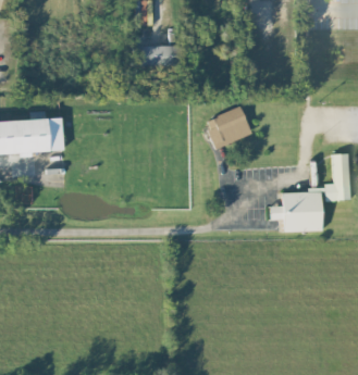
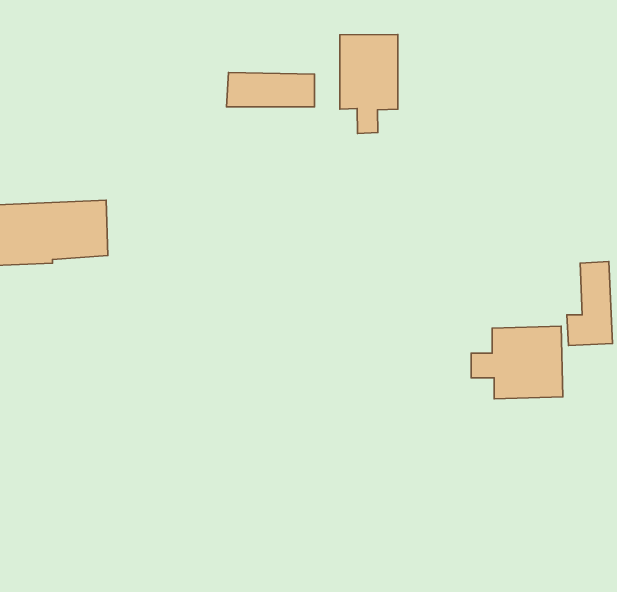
building: none -> [340,35,398,133]
building: [205,107,251,149] -> none

